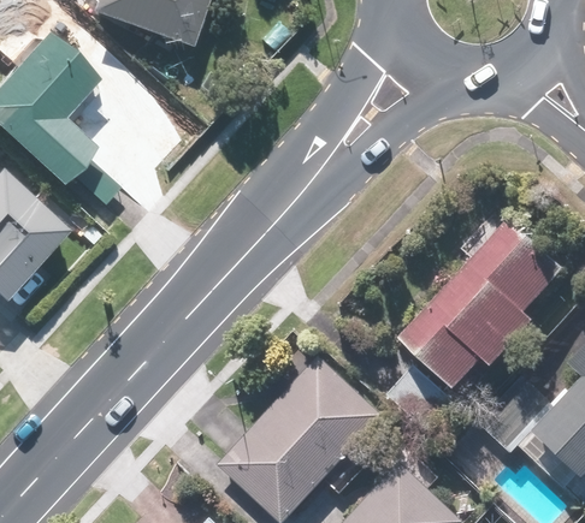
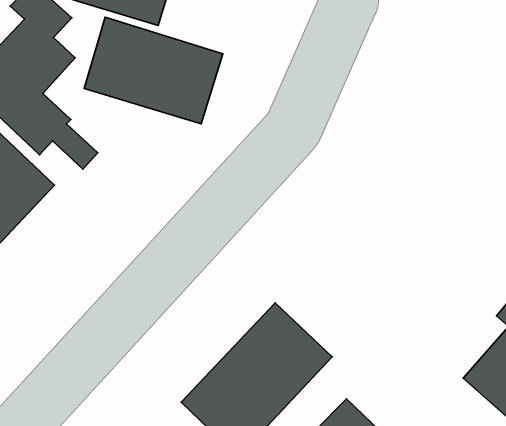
building: none -> [84,17,223,124]
building: [392,220,563,430] -> none

